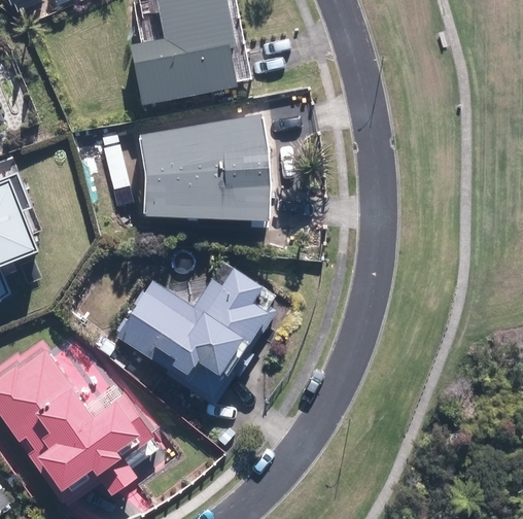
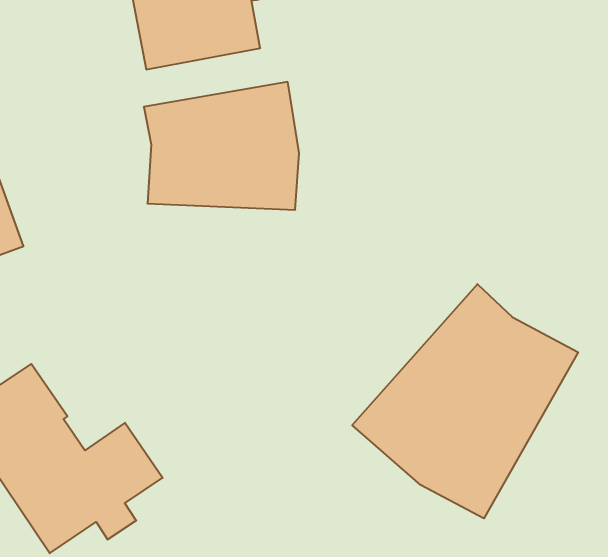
building: [116,262,278,403] -> none
building: none -> [352,284,578,518]

